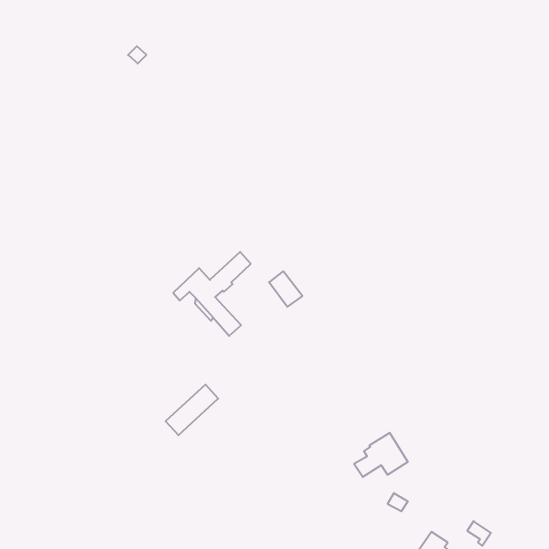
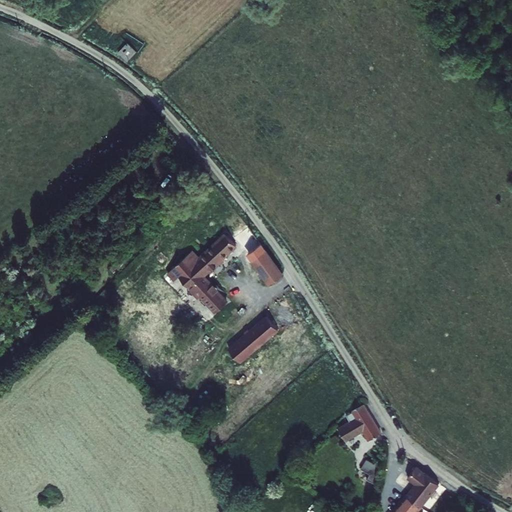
building: [166,385,218,435] -> [229,319,278,366]
building: none -> [402,463,435,505]

